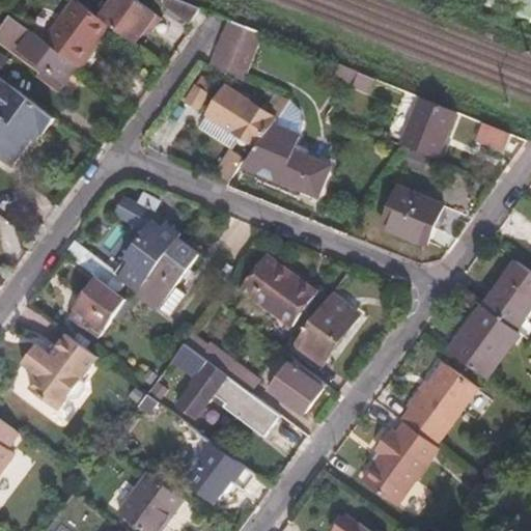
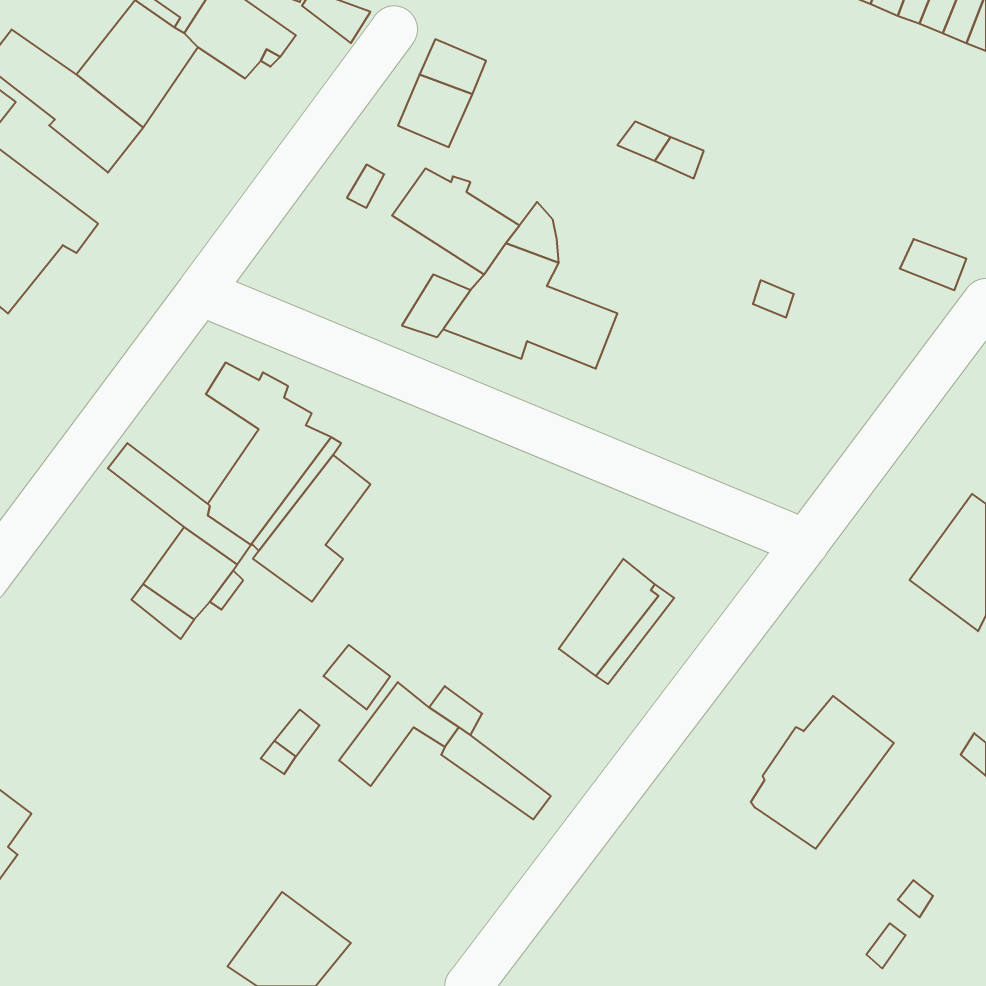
building: [402,101,459,161] -> none
building: [381,188,442,247] -> none
building: [239,257,314,328] -> none
building: [447,307,518,380] -> none
building: [19,332,95,408] -> none
building: [269,356,325,411] -> none
building: [357,427,435,509] -> none
building: [186,437,253,501] -> none

